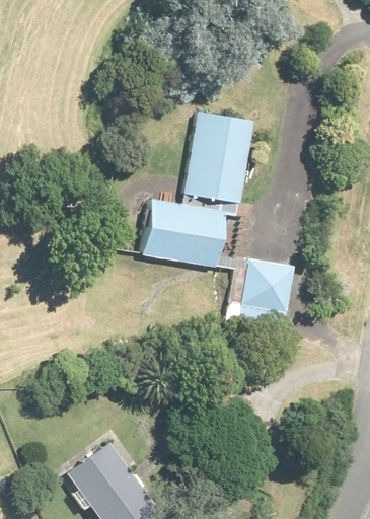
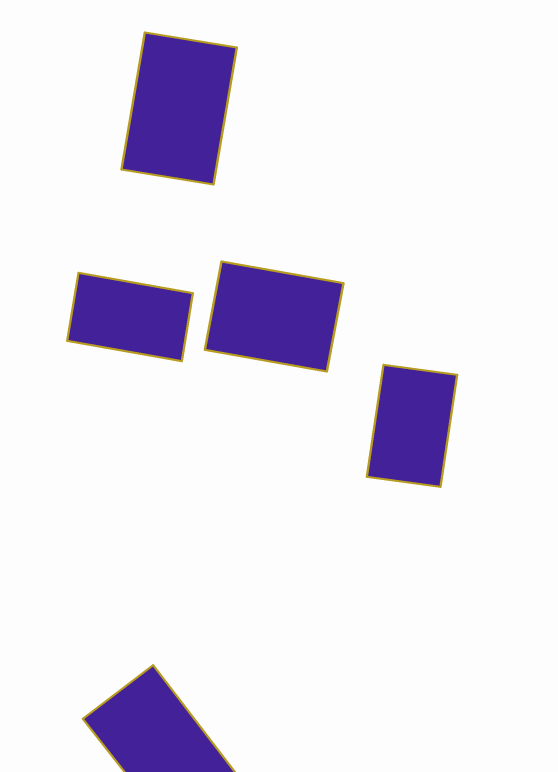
building: [183,109,253,202] -> [122,33,237,184]
building: none -> [67,273,193,361]

